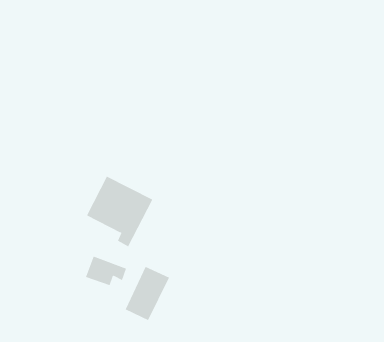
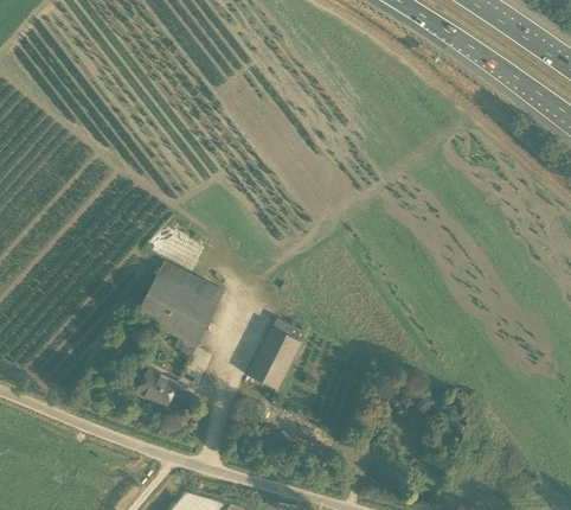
building: [125,266,170,321] -> [246,318,307,391]

